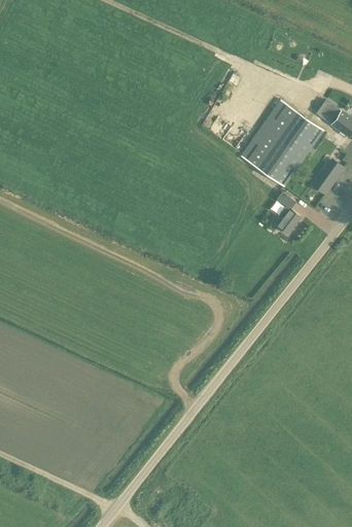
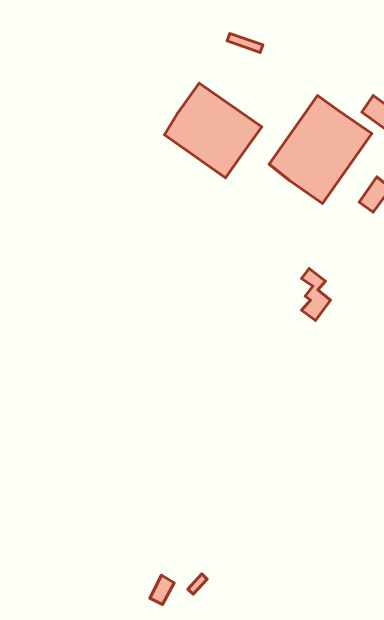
building: none -> [165,83,262,178]
building: [276,190,300,233] -> [301,268,331,320]

